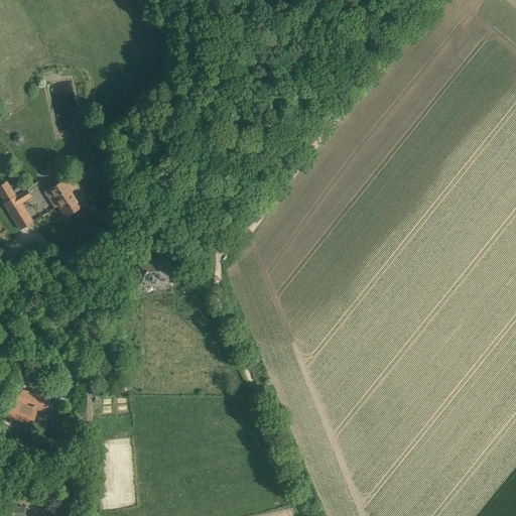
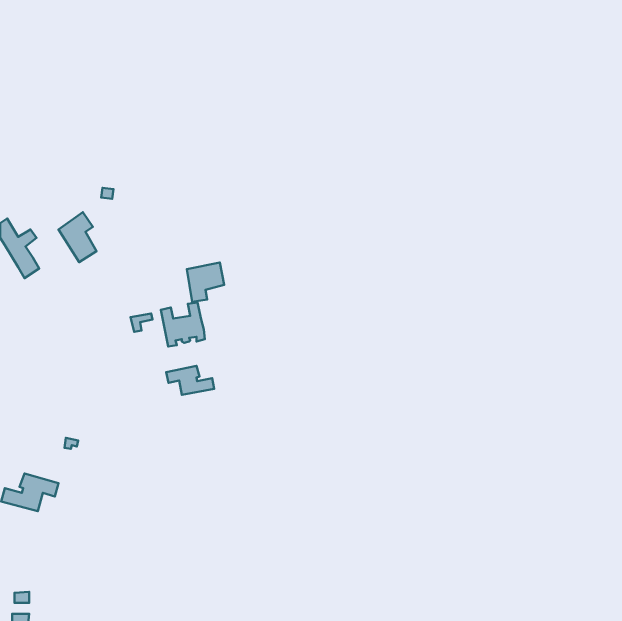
building: none -> [187,263,224,302]
building: none -> [166,366,214,395]

